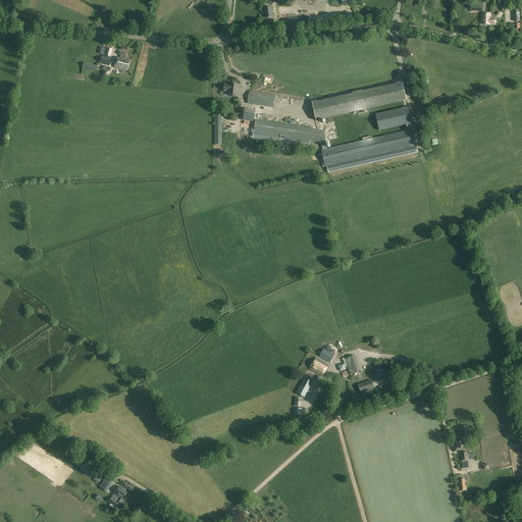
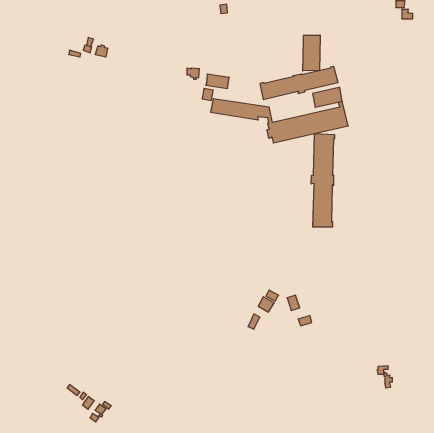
building: none -> [303,35,320,71]
building: none -> [311,134,335,227]

